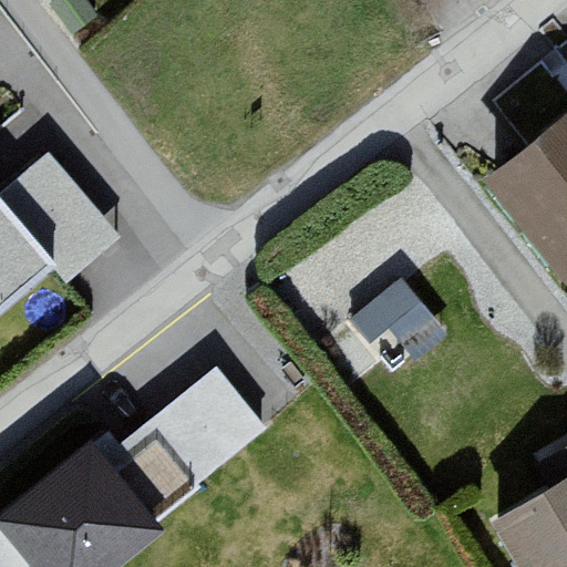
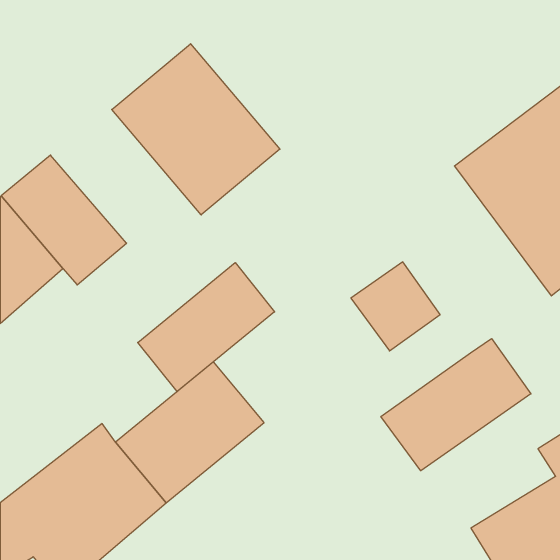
building: none -> [112,44,280,215]
building: none -> [138,263,275,392]
building: none -> [381,339,531,471]

